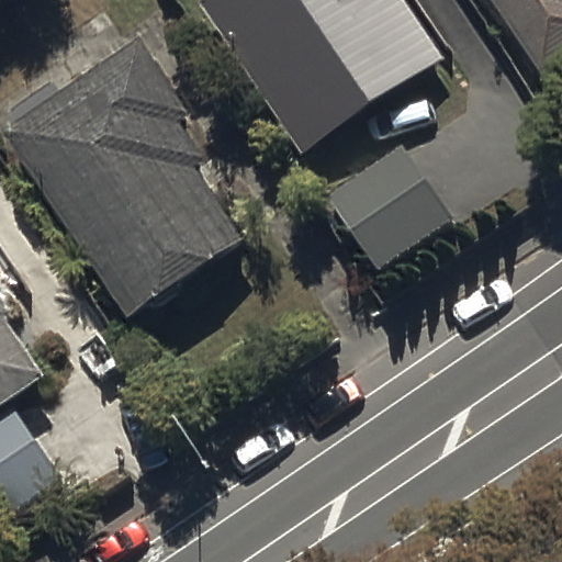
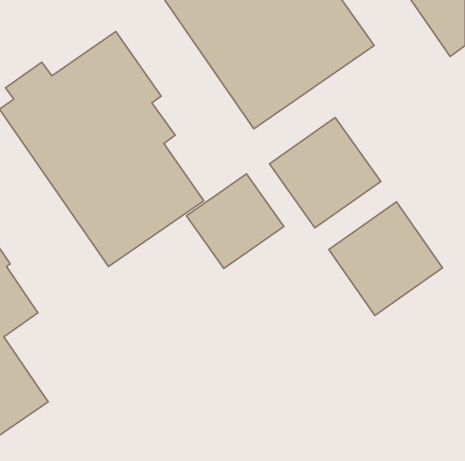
building: none -> [187,174,284,269]
building: none -> [329,202,442,315]

